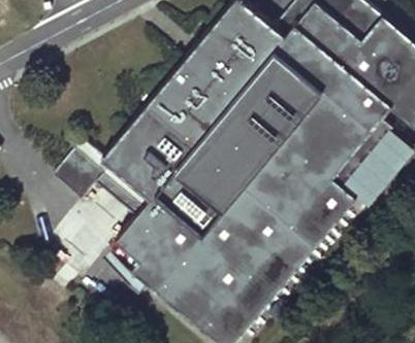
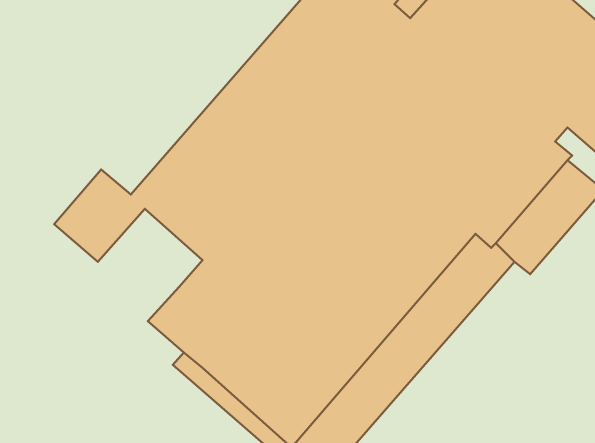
building: [96,164,150,215] -> none

